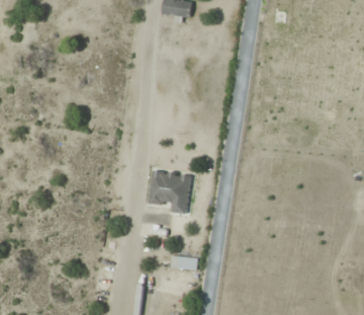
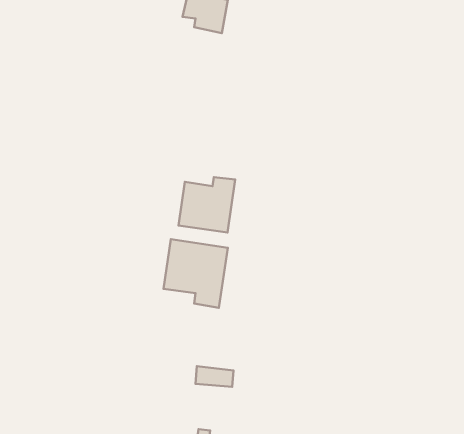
building: none -> [178,177,235,232]

